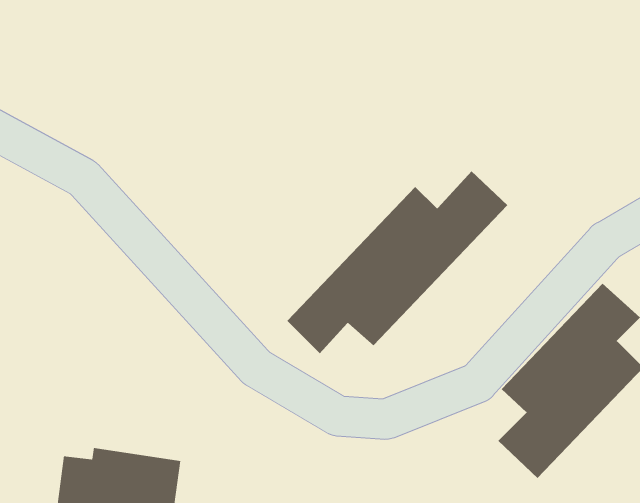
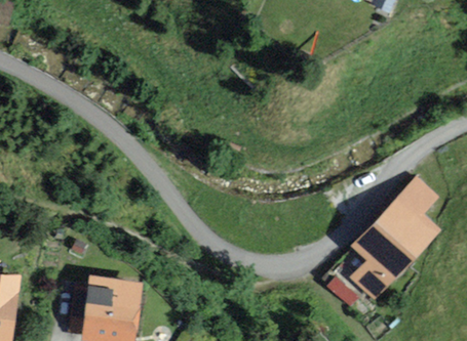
building: [287,171,508,354] -> none

